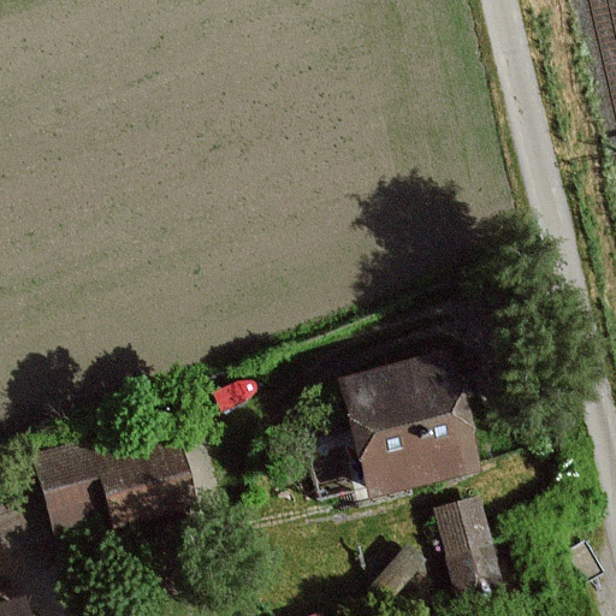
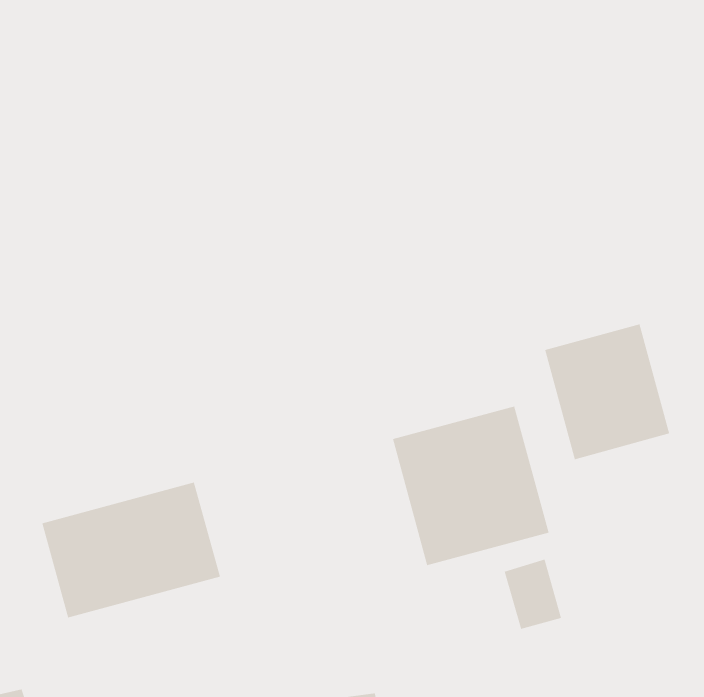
building: none -> [544,323,670,460]

